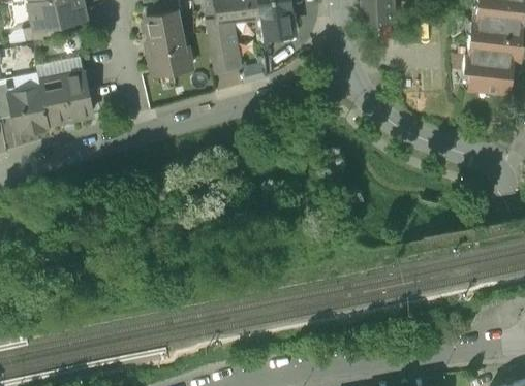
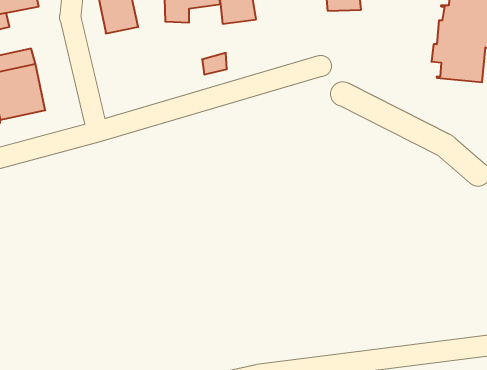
building: [209,35,240,73] -> none
building: [148,40,193,94] -> none

